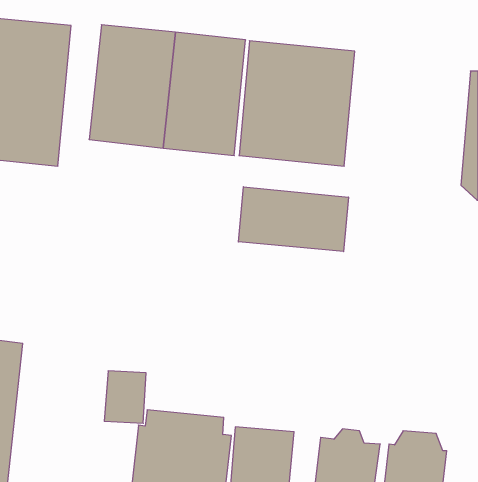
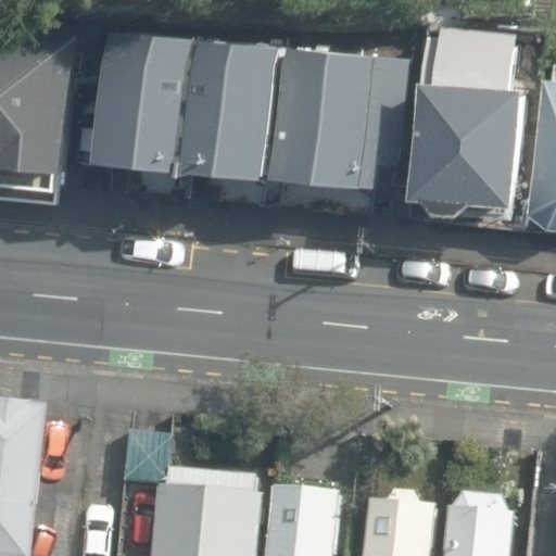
building: none -> [413,86,525,217]
building: [238,187,348,252] -> none

